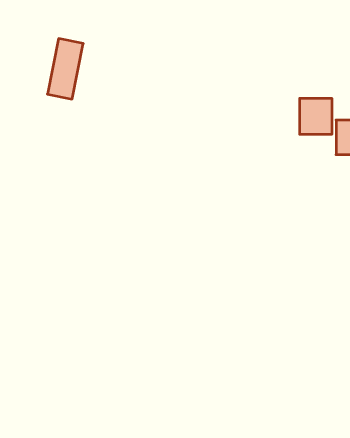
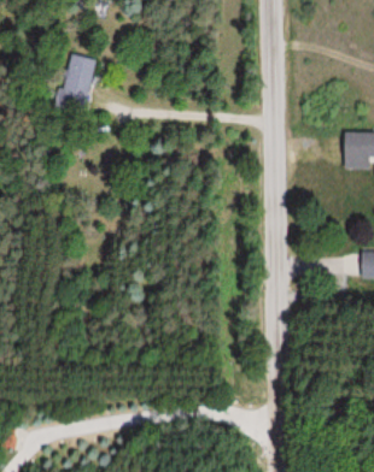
building: [300,98,332,134] -> none

